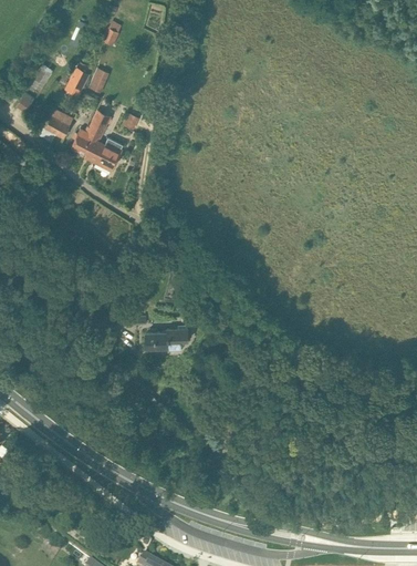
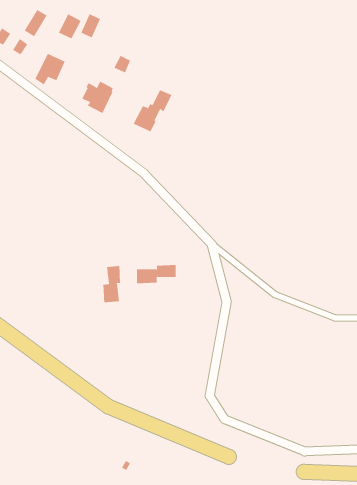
building: [70,112,111,156] -> [133,90,172,132]
building: none -> [103,265,121,303]

